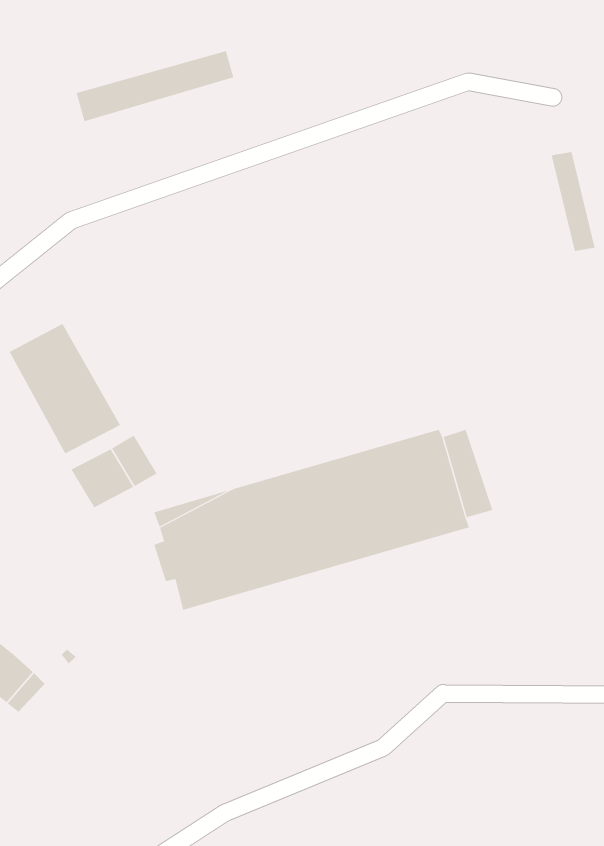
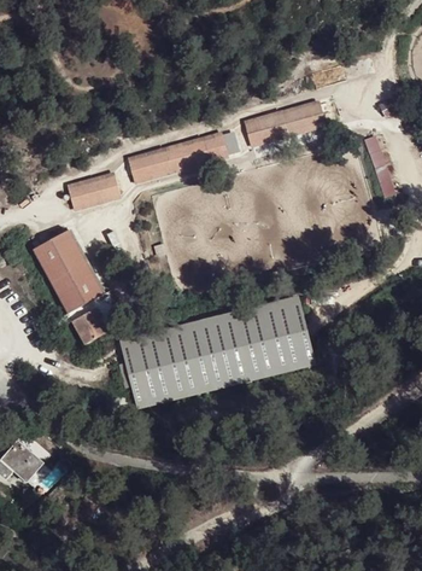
building: [76,51,234,122] -> [129,133,228,177]
building: none -> [245,100,324,140]
building: none -> [71,174,122,205]

